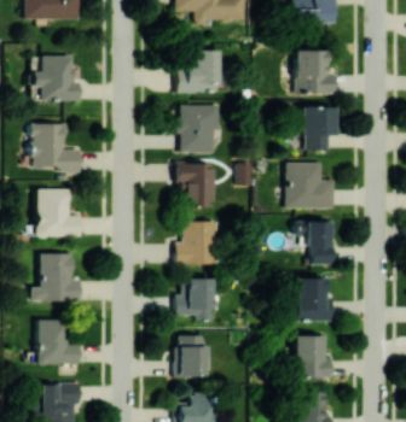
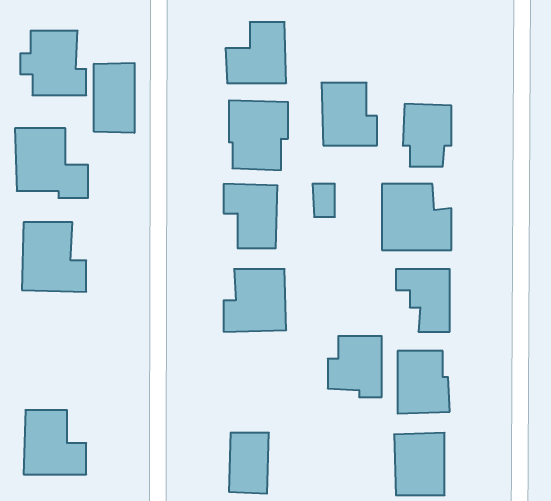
building: [295,51,334,94] -> [321,83,377,145]
building: none -> [94,63,134,133]
building: [31,254,82,303] -> none
building: [176,279,214,321] -> [328,336,382,397]

